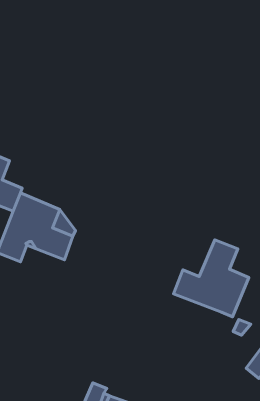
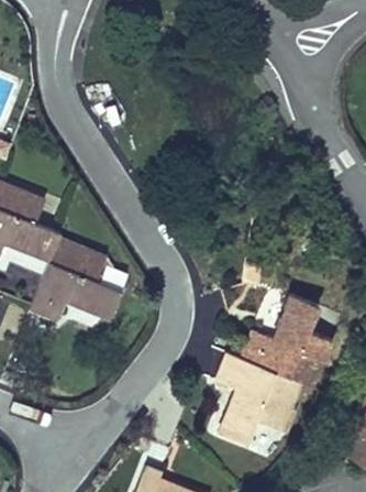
building: none -> [215,353,298,446]

